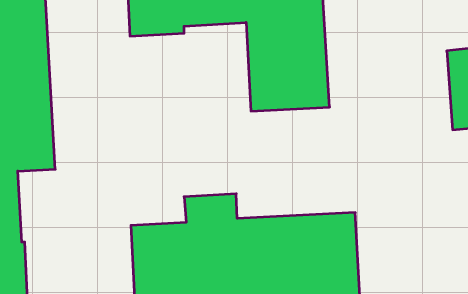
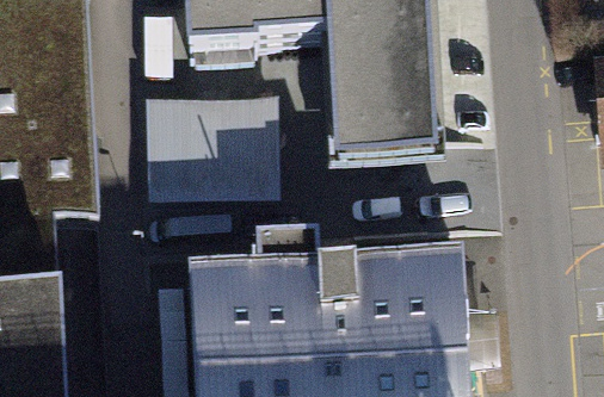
building: none -> [147,95,277,190]

